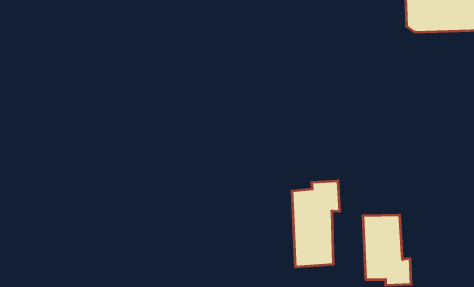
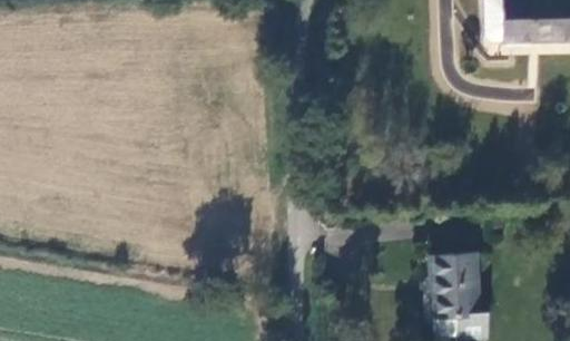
building: [292,181,340,267] -> none

